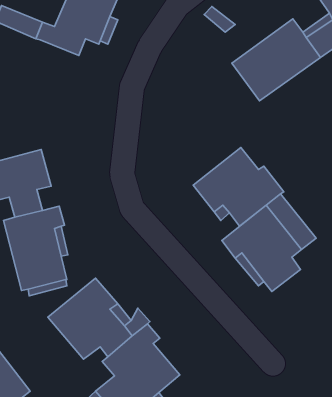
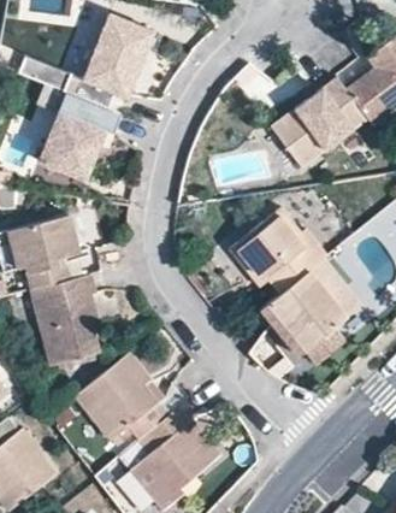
building: none -> [37,93,122,178]

